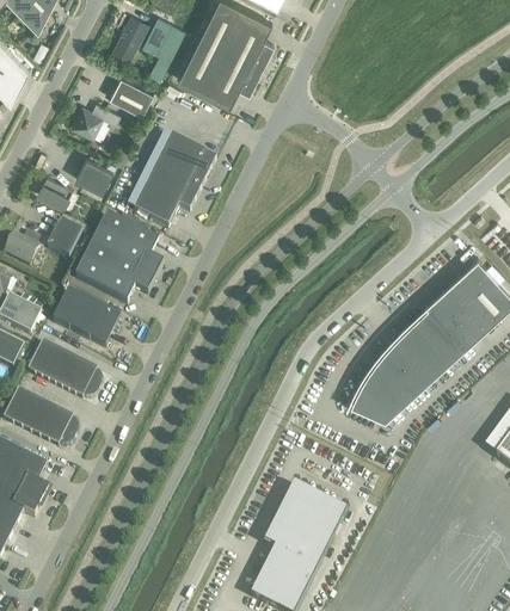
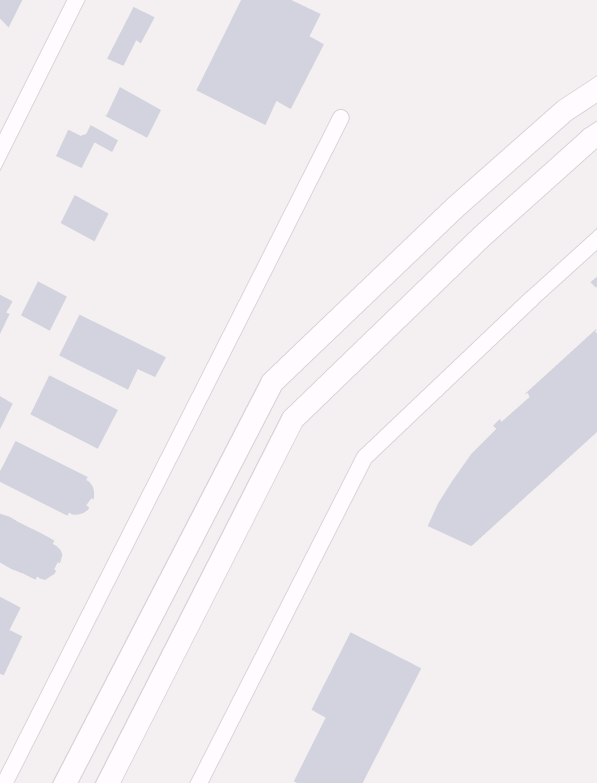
building: [142,16,185,79] -> none
building: [134,134,216,226] -> none
building: [38,174,73,205] -> none
building: [91,214,164,277] -> none

